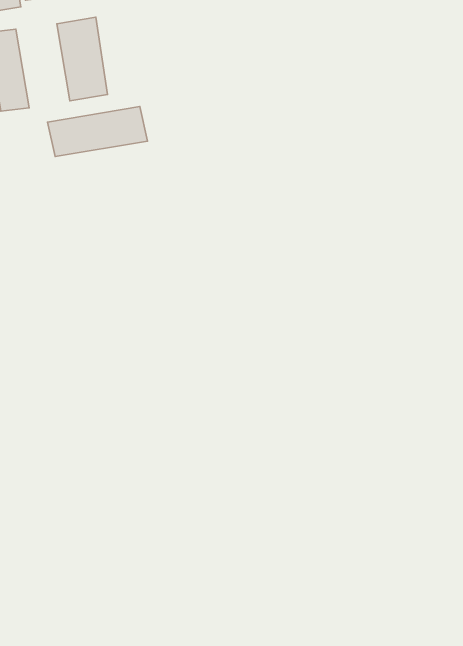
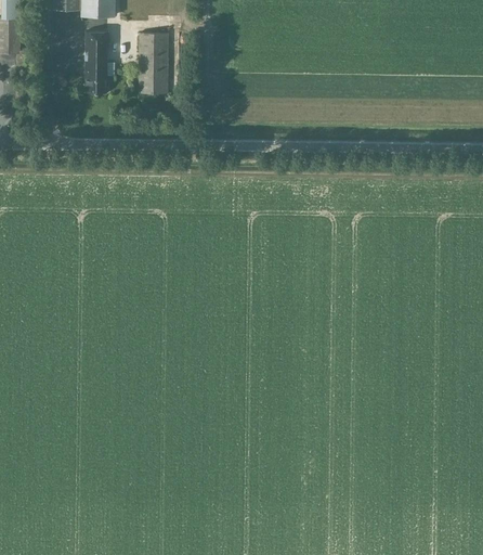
building: [48,106,147,157] -> none

